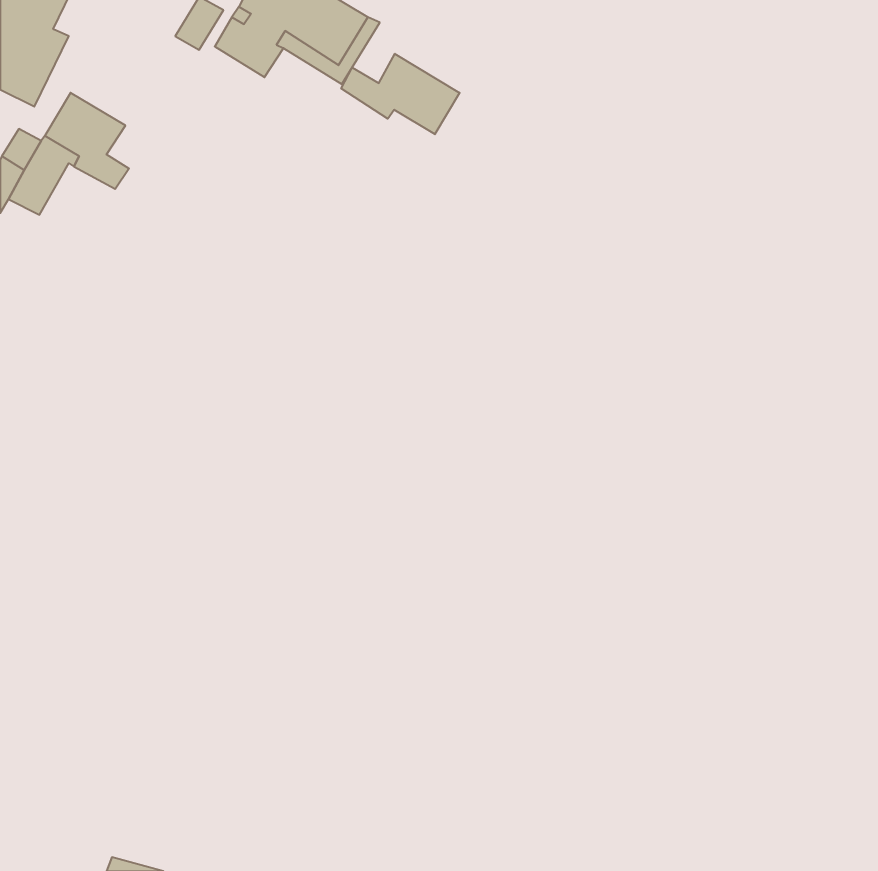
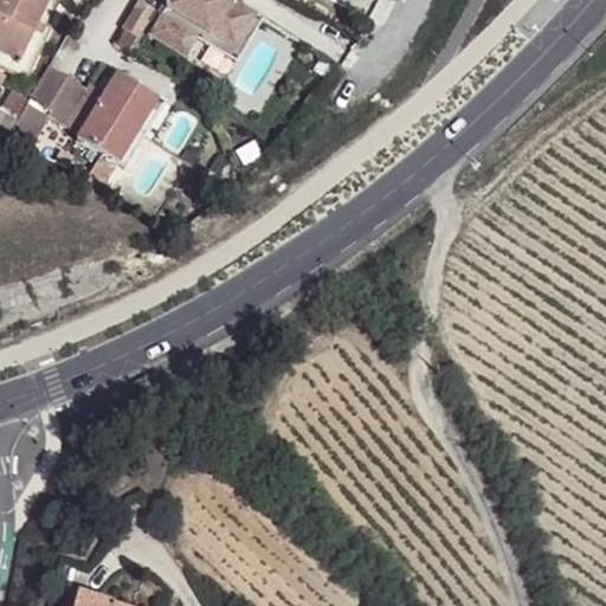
building: [341,54,460,134] -> none
building: none -> [73,70,156,185]

